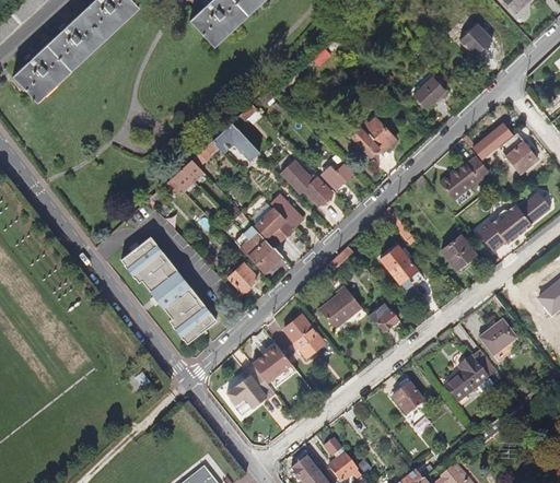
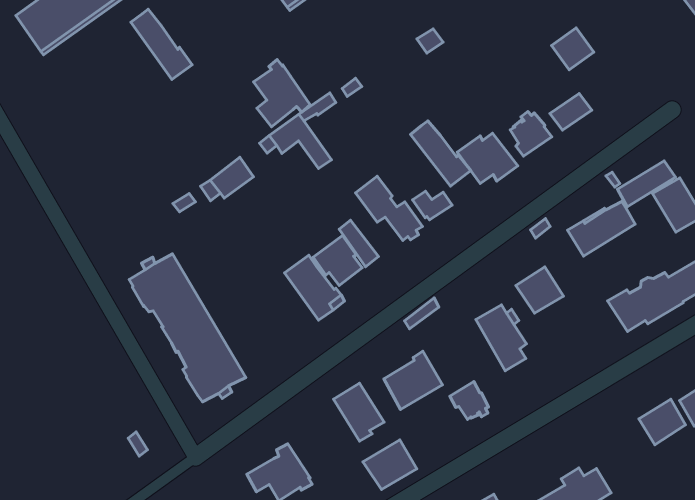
building: [460,25,492,57] -> [552,28,594,70]
building: none -> [131,9,192,80]
building: none -> [253,59,310,127]
building: none -> [510,111,552,156]
building: none -> [411,121,471,186]
building: [440,235,476,270] -> [516,267,563,313]
building: [228,263,258,293] -> none
building: [481,321,516,356] -> [639,399,685,445]
building: [252,344,292,382] -> [363,440,417,490]

